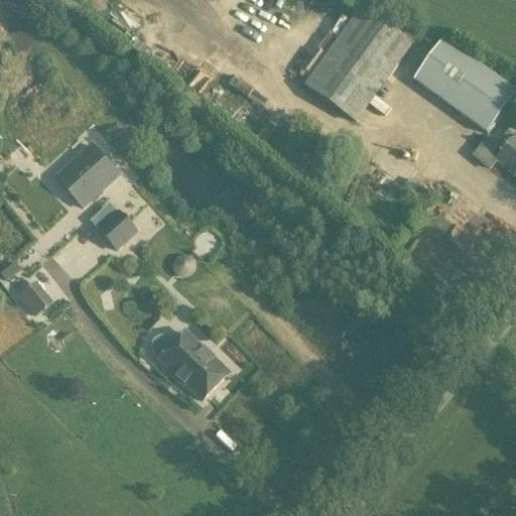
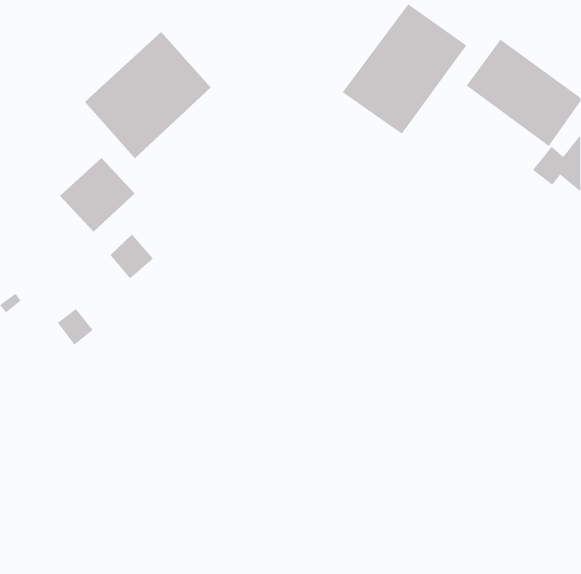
building: none -> [84,31,211,159]
building: [18,279,50,312] -> [57,308,93,346]
building: [151,329,228,397] -> none

